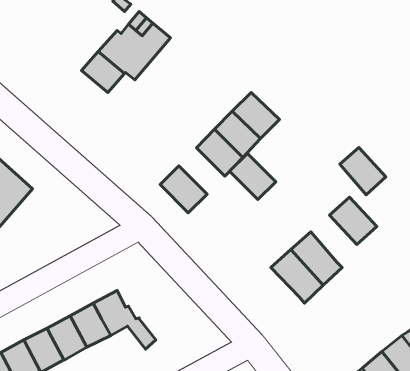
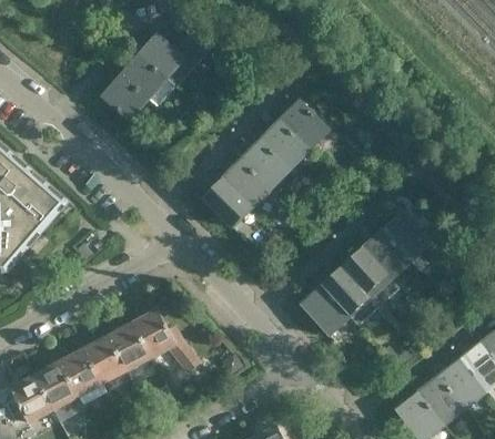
building: none -> [102,76,148,121]
building: [340,148,386,195] -> [363,229,412,279]
building: [230,153,276,200] -> [223,159,272,207]
building: none -> [301,285,351,335]

